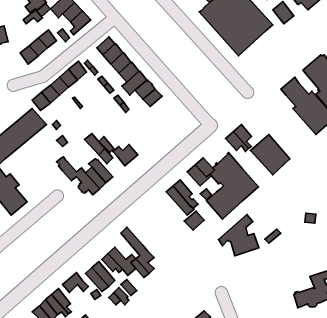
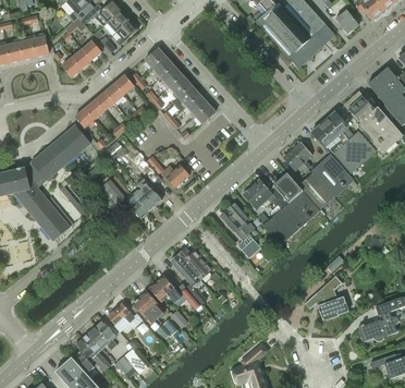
building: none -> [312,112,376,173]
building: none -> [299,173,333,208]
building: [219,214,259,256] -> [305,276,348,320]
building: none -> [177,247,212,280]

